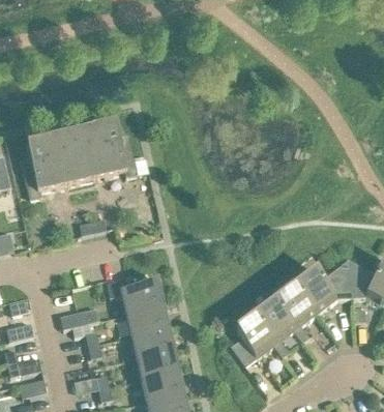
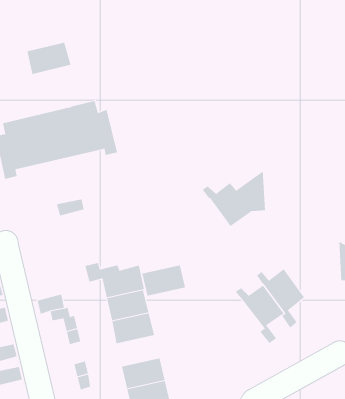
building: none -> [27,42,71,75]
building: [290,258,351,312] -> [202,171,266,227]
building: [230,315,277,365] -> none
building: [136,348,178,378] -> [141,265,186,296]

